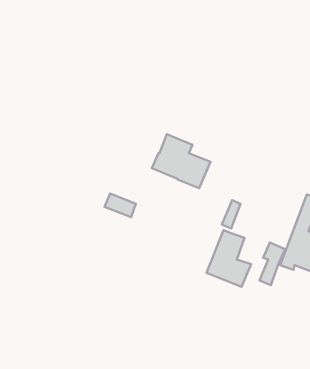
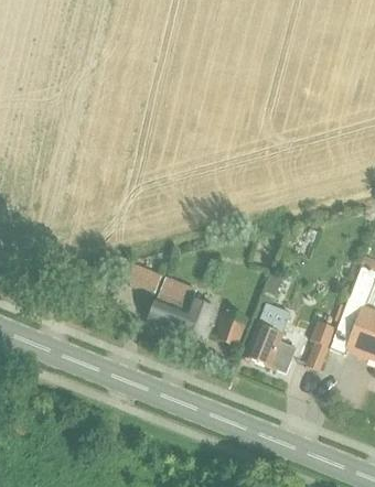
building: [152,134,210,188] -> [148,277,216,339]
building: none -> [215,309,246,344]

